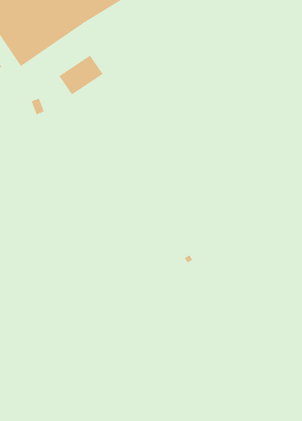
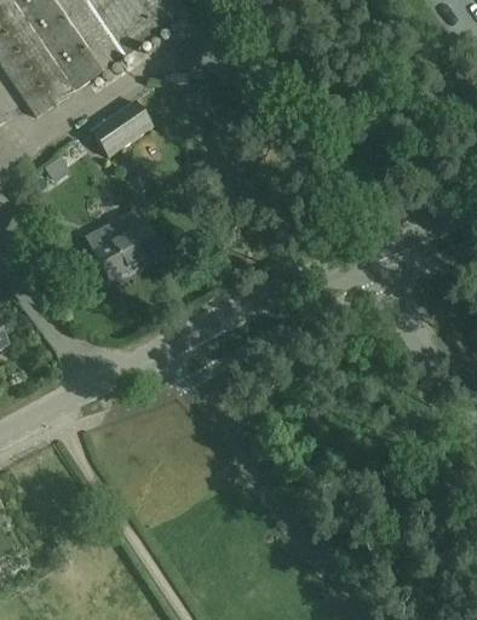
building: none -> [90,207,159,276]

